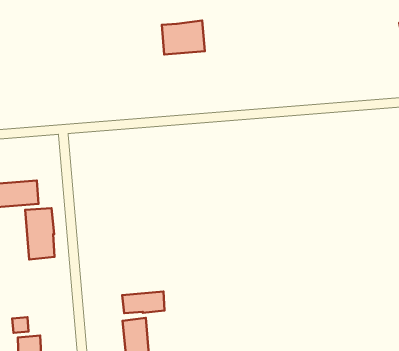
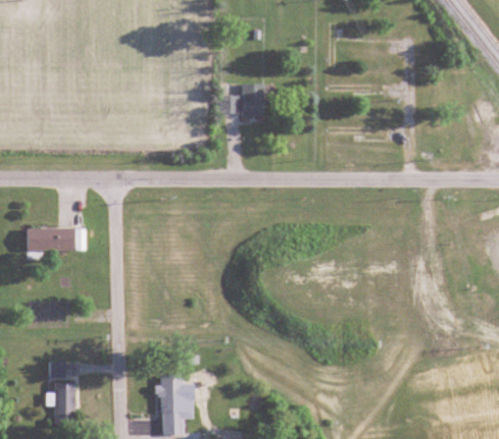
building: [25,208,54,259] -> none
building: [122,292,165,313] -> none

